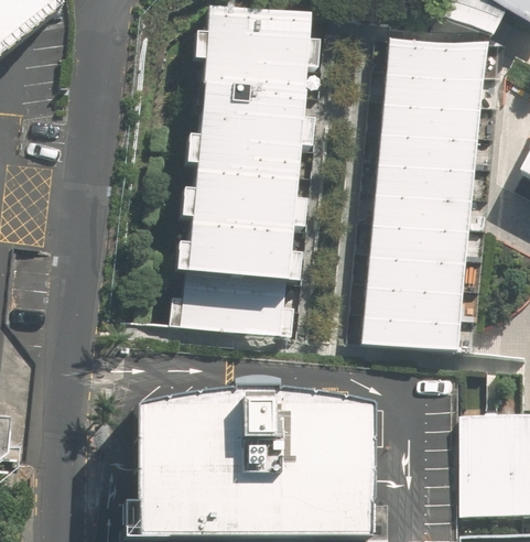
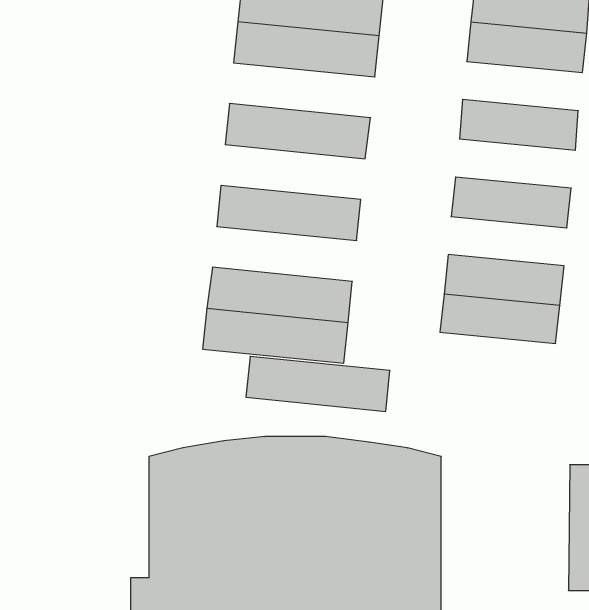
building: [382,98,476,137] -> none
building: [201,99,314,142] -> none
building: [377,159,470,197] -> none
building: [194,163,306,206] -> none
building: [371,219,464,258] -> none
building: [187,227,300,270] -> [246,356,390,411]
building: [363,310,455,348] -> none

